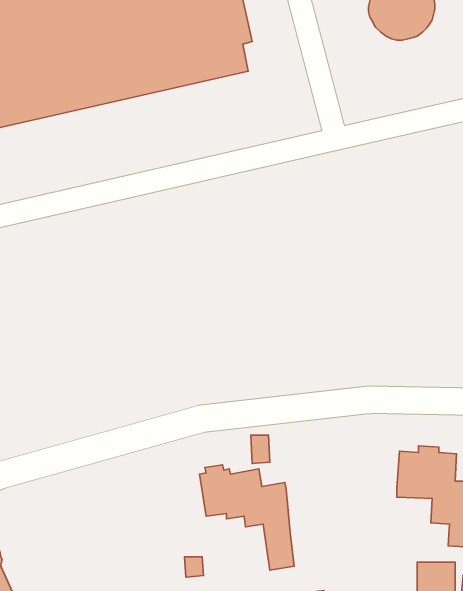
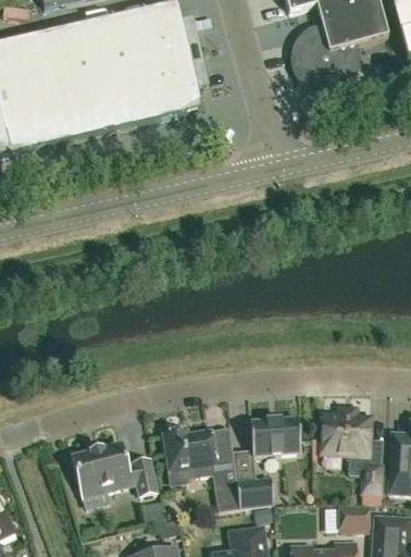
building: none -> [249,414,299,455]
building: none -> [71,441,157,496]
building: none -> [235,475,271,507]

